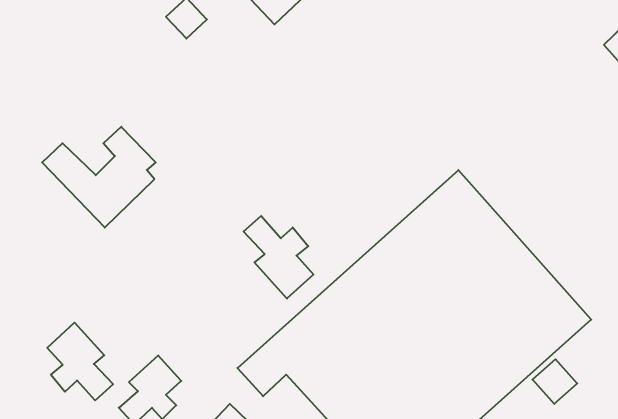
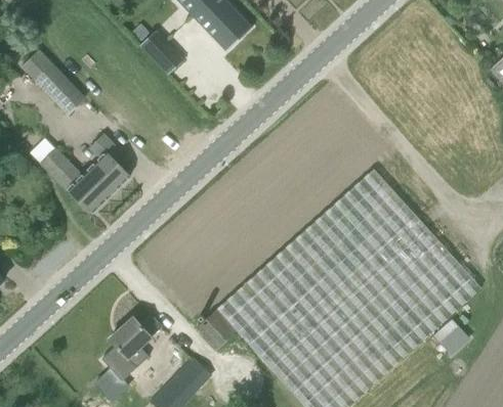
building: none -> [23,49,85,114]
building: [244,216,313,299] -> none
building: [47,323,113,400] -> none

